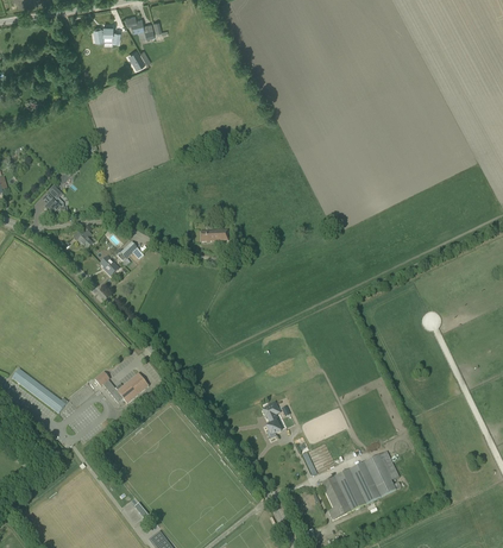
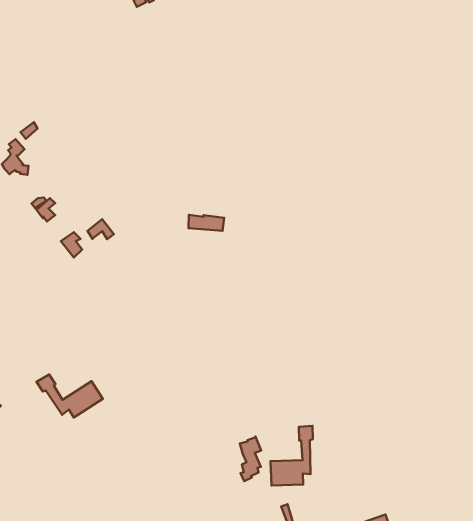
building: none -> [271,426,313,485]

